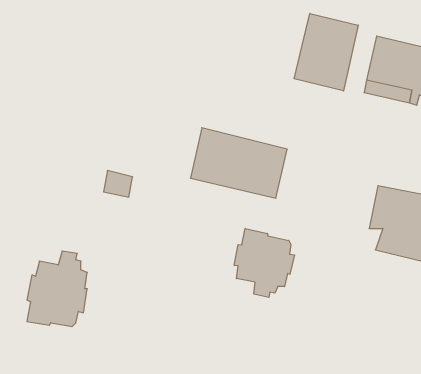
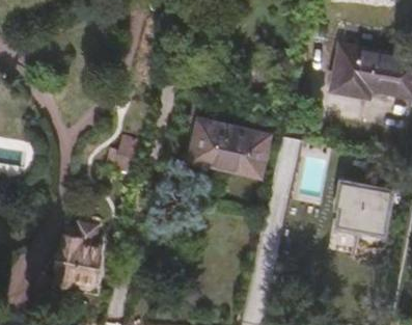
building: [294,13,358,91] -> none
building: [234,228,294,297] -> none

